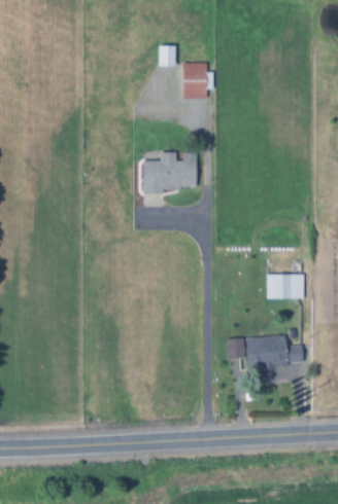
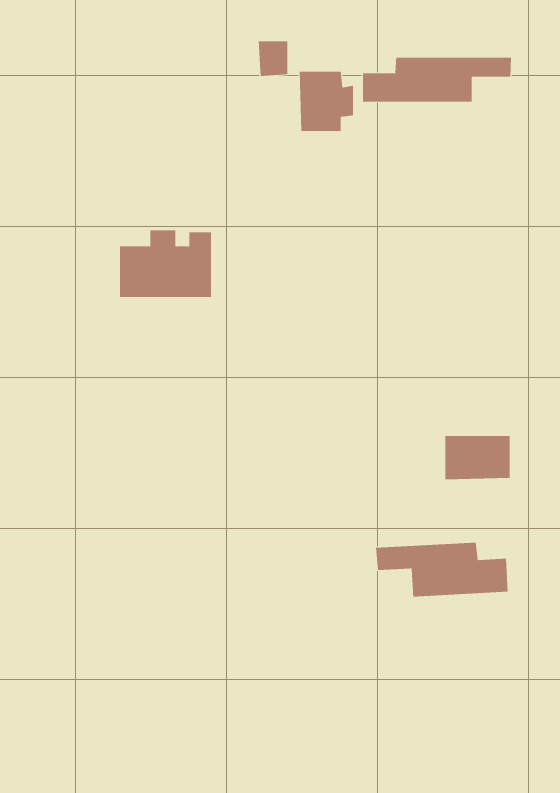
building: none -> [362,57,512,102]
building: [142,151,196,190] -> [119,230,212,297]

